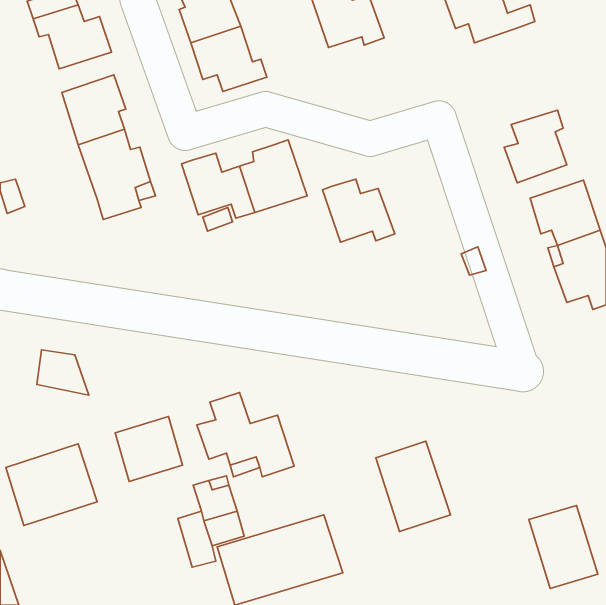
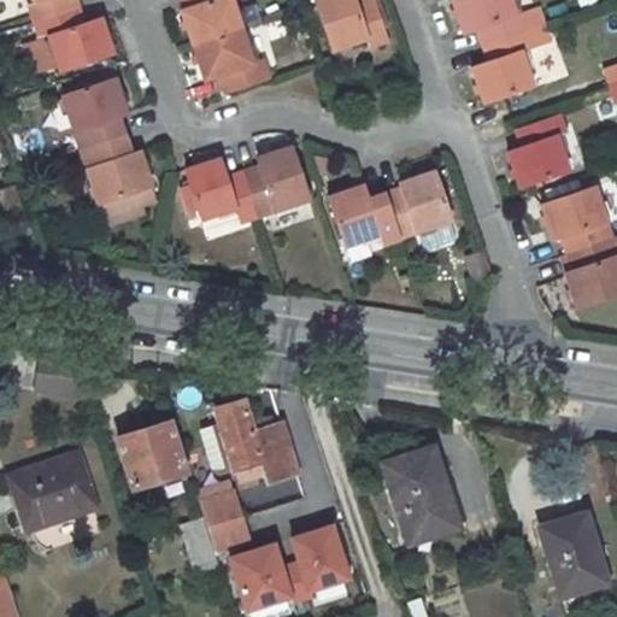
building: none -> [474,22,551,100]
building: none -> [384,166,453,237]

